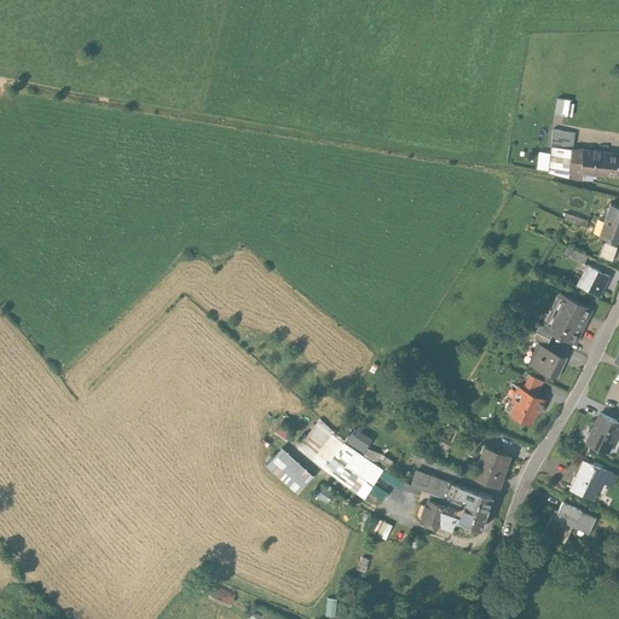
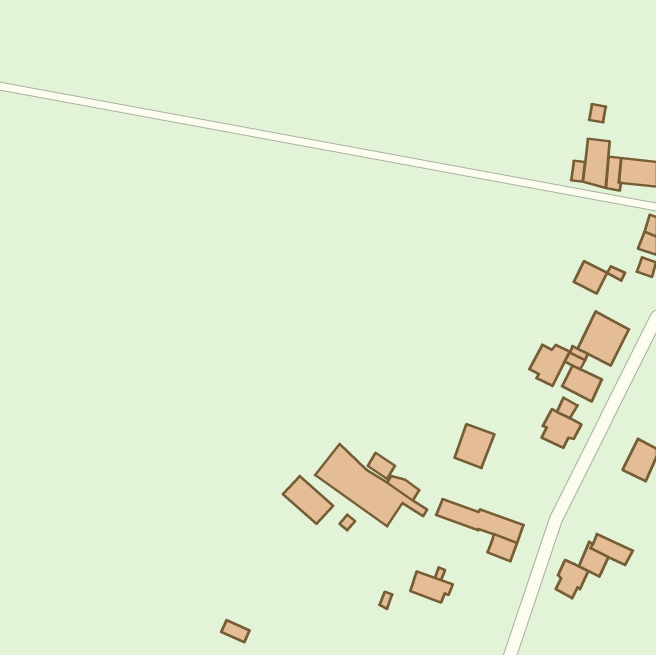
building: [578,267,609,297] -> [574,261,607,293]
building: none -> [529,345,569,386]
building: [474,446,511,487] -> [455,424,494,468]
building: [571,462,613,499] -> none
building: [423,499,463,528] -> [410,572,453,602]
building: none -> [556,560,588,598]

